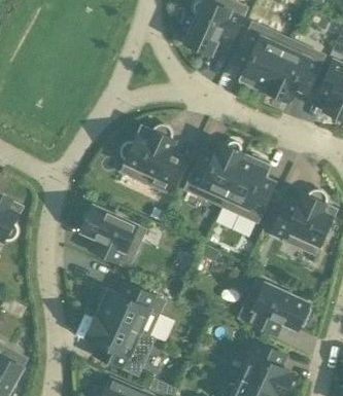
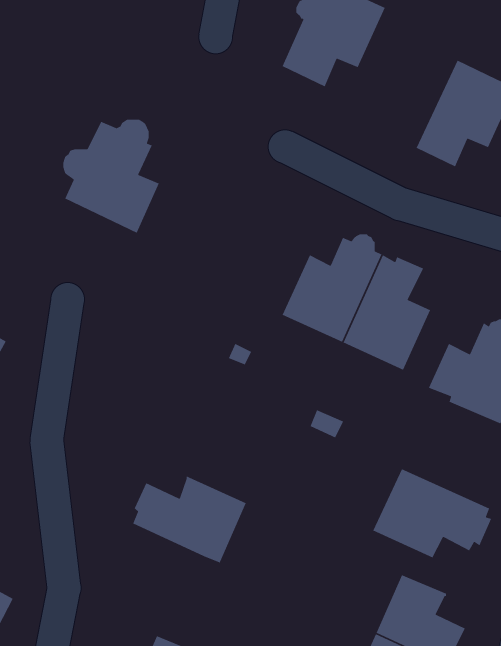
building: [237,23,289,92] -> none
building: [121,125,178,193] -> [63,119,160,234]
building: [82,207,146,268] -> none
building: [85,314,155,375] -> none

